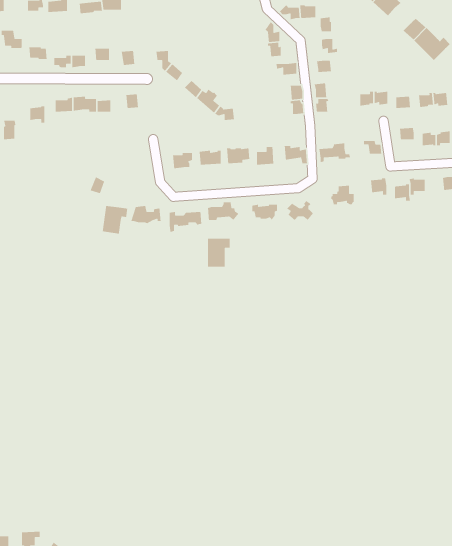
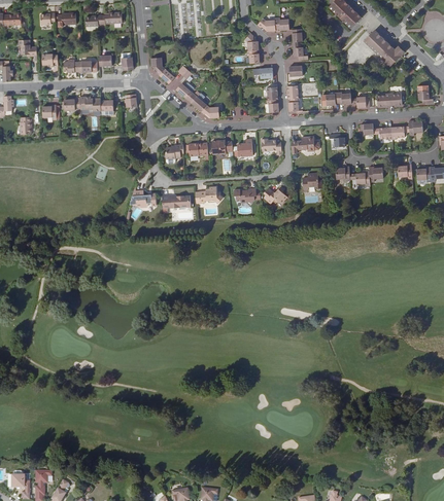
building: [102,205,128,234] -> none
building: [207,238,230,267] -> none

